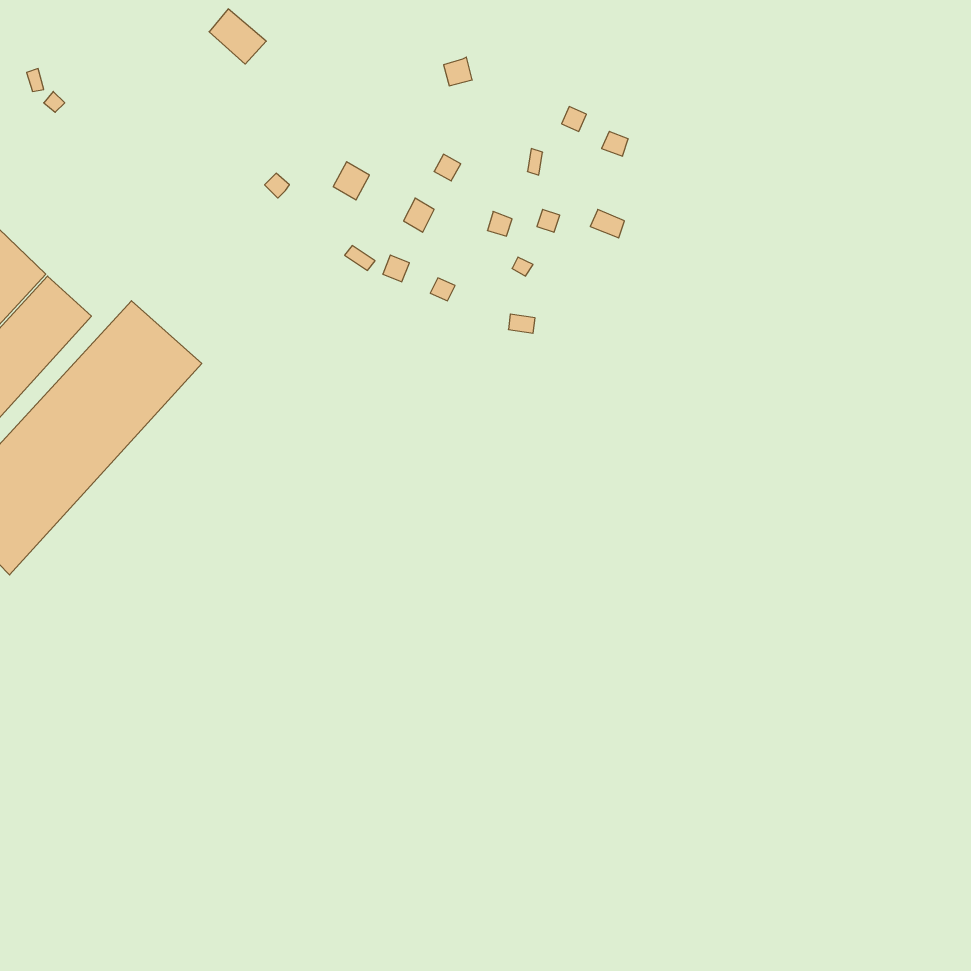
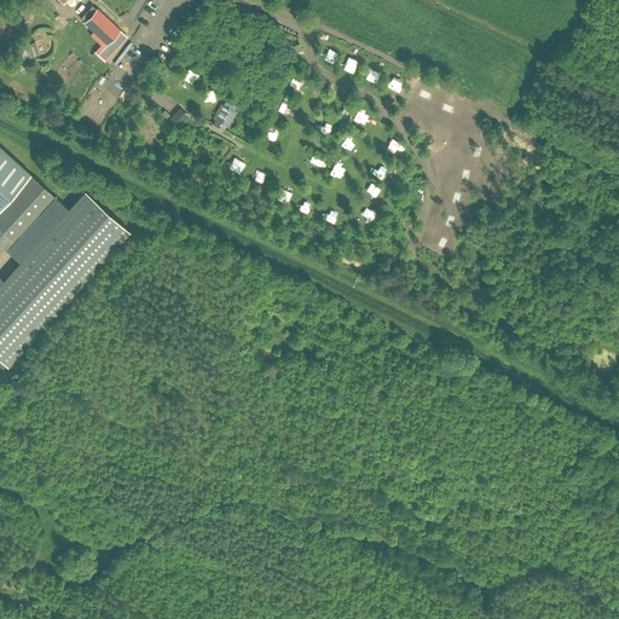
building: [209,9,266,64] -> [83,12,120,47]

